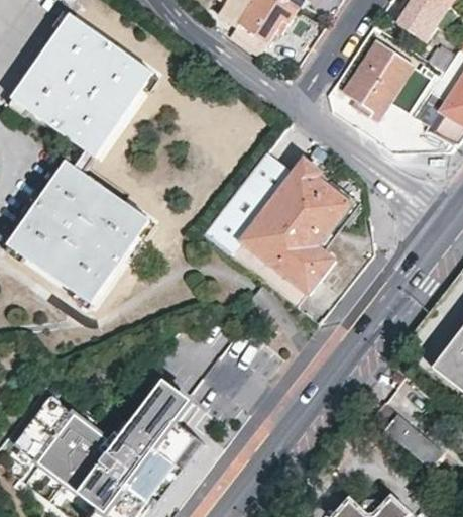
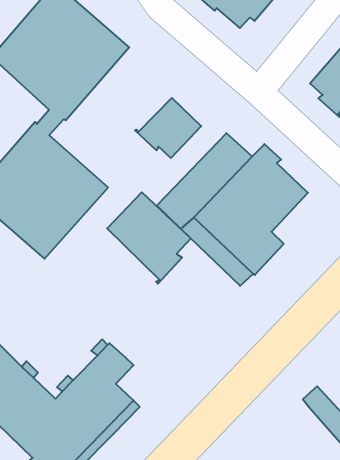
building: none -> [135,98,201,158]
building: none -> [107,192,191,284]

